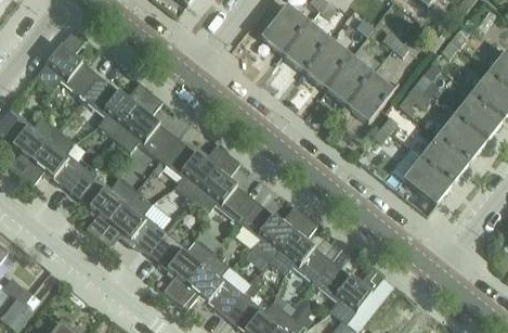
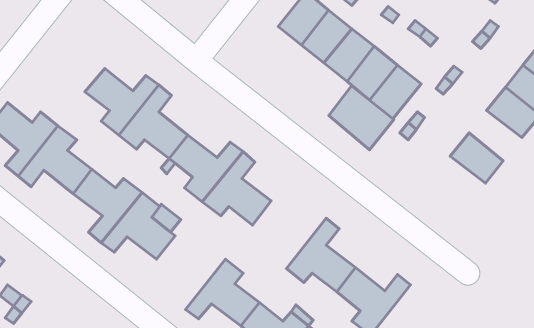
building: [36,29,101,98] -> none
building: none -> [329,86,394,150]
building: [438,115,486,162] -> none
building: [403,157,453,204] -> none
building: [237,198,305,261] -> none
building: [148,231,212,299] -> none

